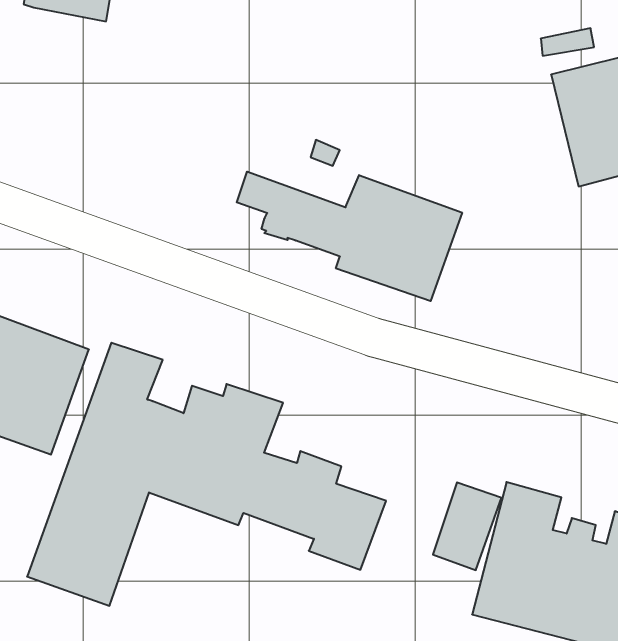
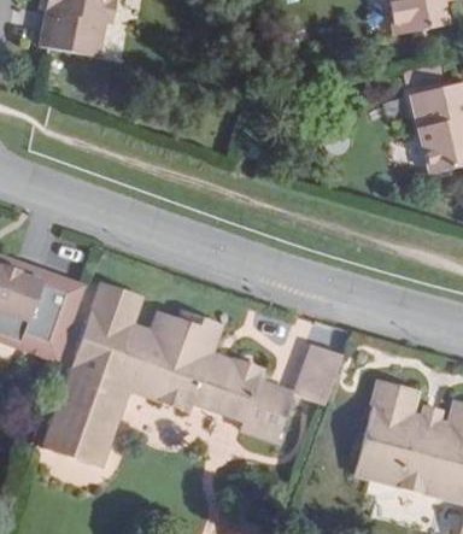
building: [237,172,462,301] -> none
building: [433,482,502,570] -> [294,344,342,405]

